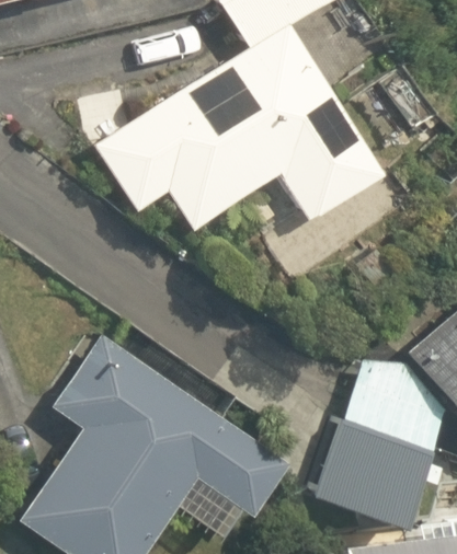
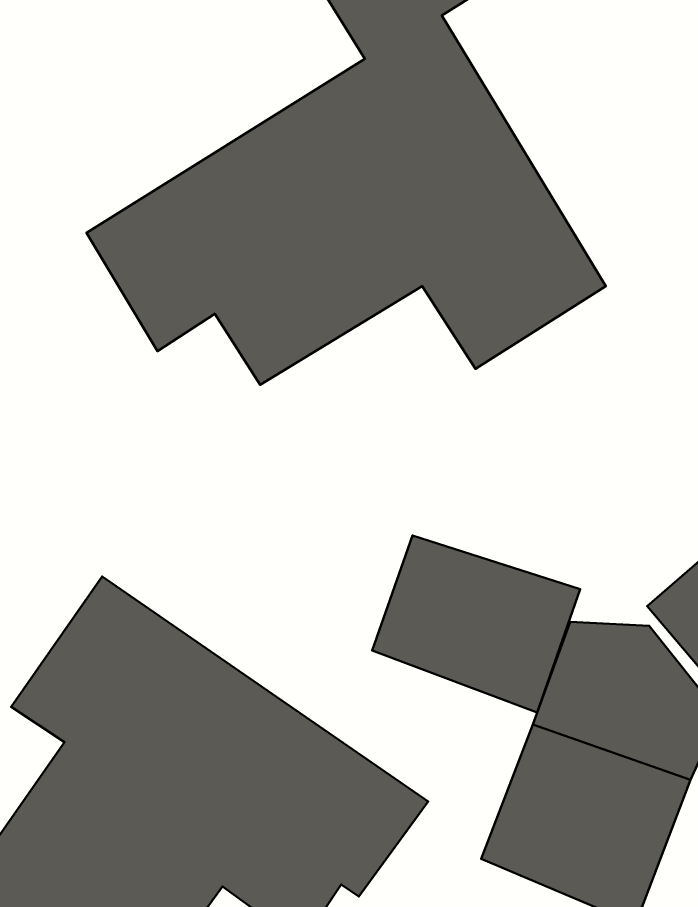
building: none -> [372,536,580,713]

